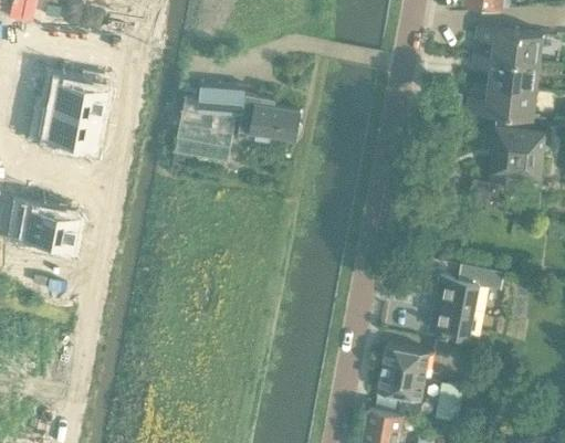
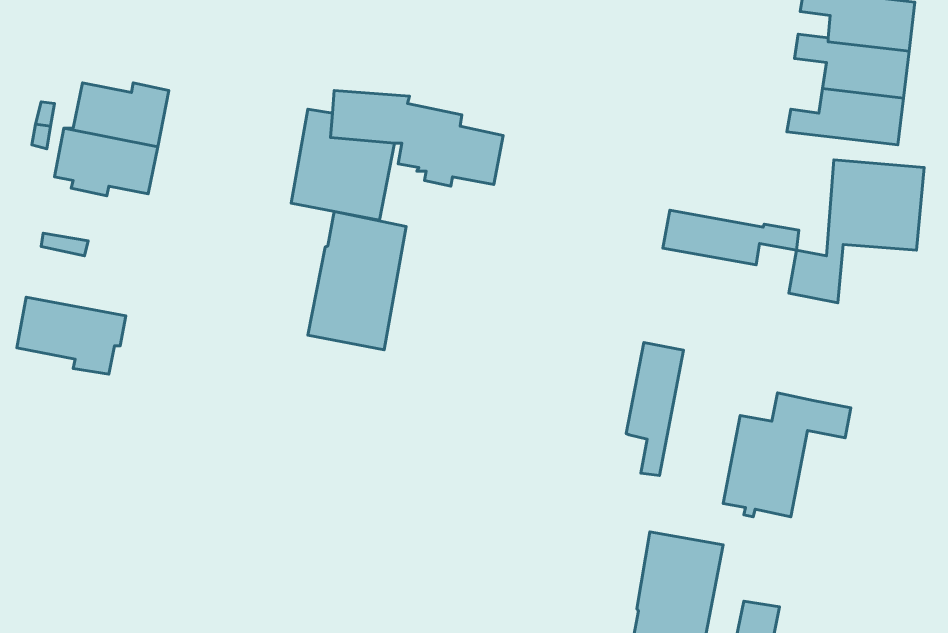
building: none -> [663,210,799,265]
building: none -> [308,211,406,350]
building: none -> [626,342,684,475]

